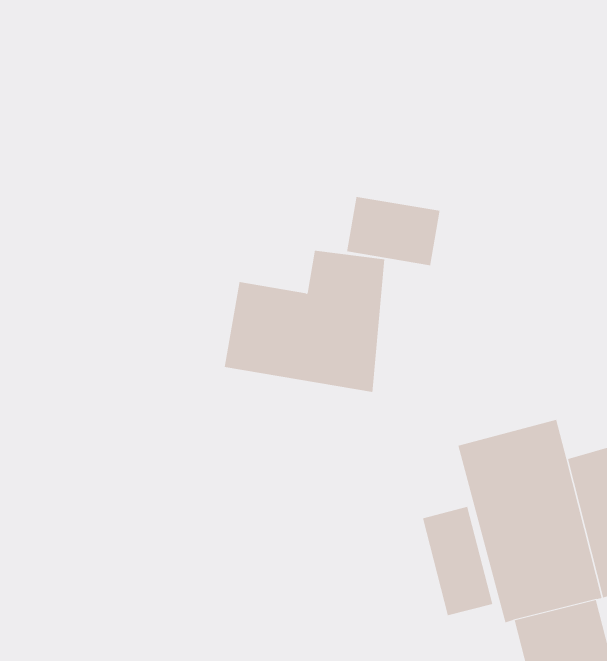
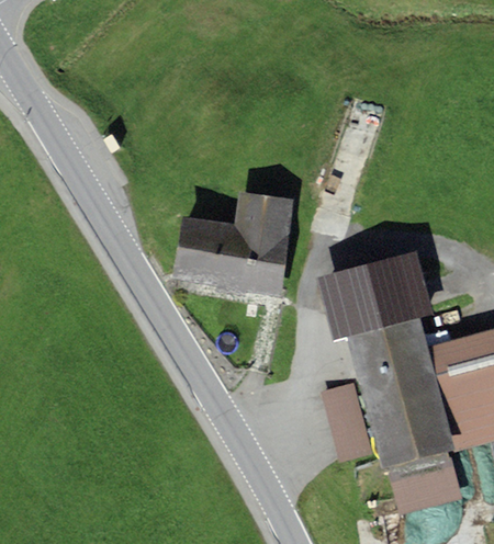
building: [347,196,440,266] -> none
building: none -> [318,251,431,340]

